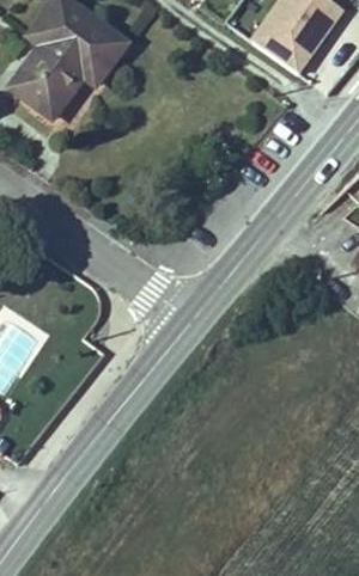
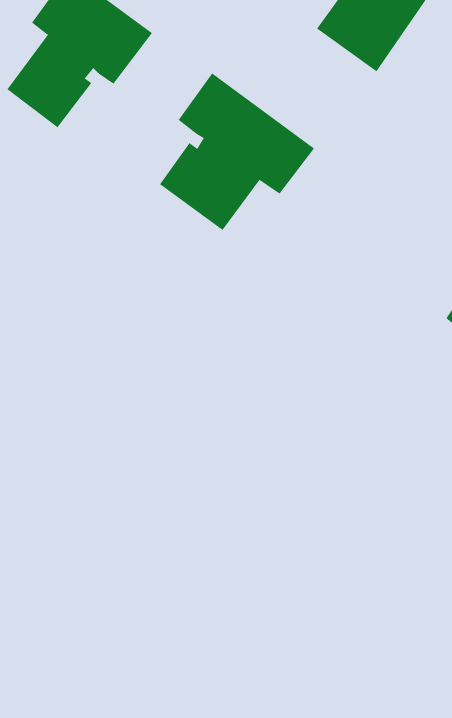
building: none -> [159,72,315,231]

